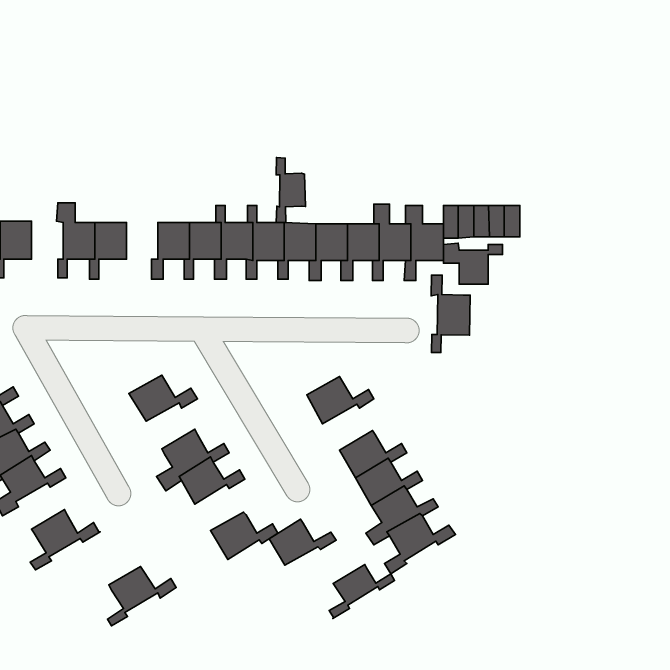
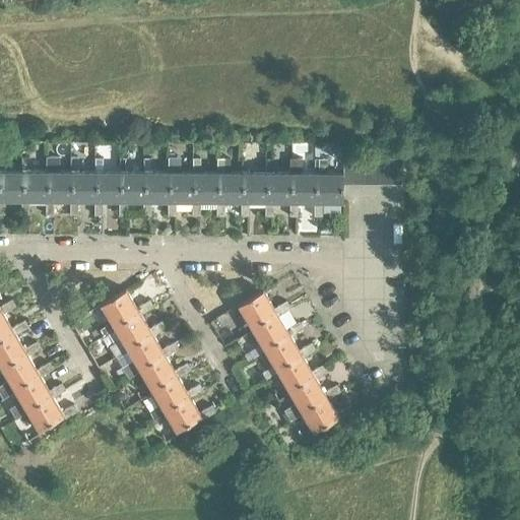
building: [276,157,305,222] -> none
building: none -> [19,173,49,216]
building: none -> [92,174,122,217]
building: [444,243,503,284] -> none
building: [431,275,470,353] -> none
building: none -> [108,313,165,360]
building: none -> [249,314,302,349]
building: [269,519,336,565] -> [150,376,202,411]
building: [329,564,394,619] -> none
building: [108,567,176,626] -> [11,375,64,420]

